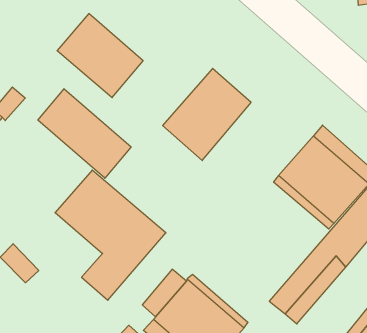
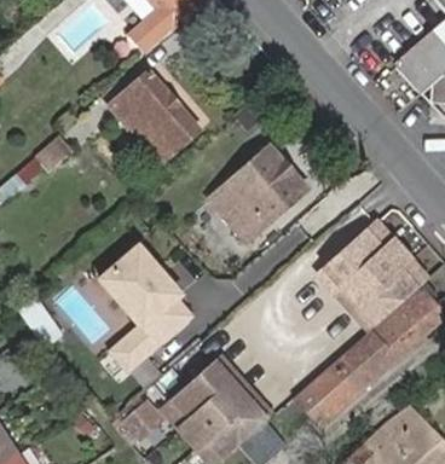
building: [38,89,131,178] -> none

